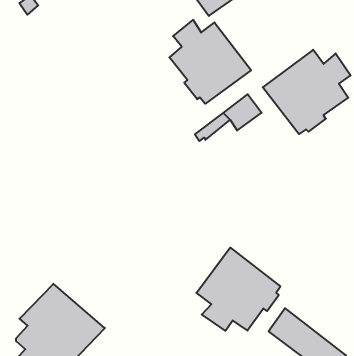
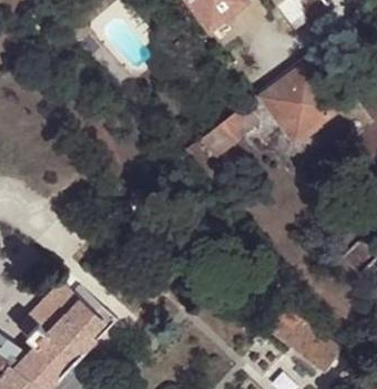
building: [169,20,251,104] -> none
building: [196,248,280,331] -> none

